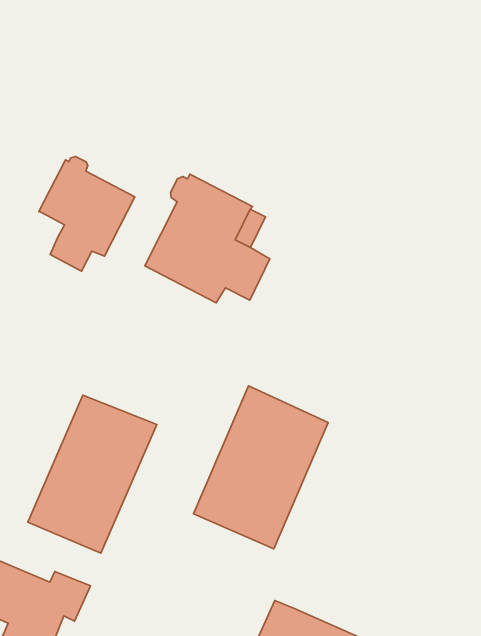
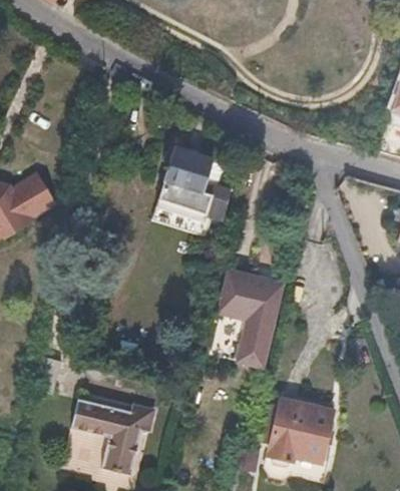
building: [39,157,135,271] -> none
building: [28,395,157,553] -> none

